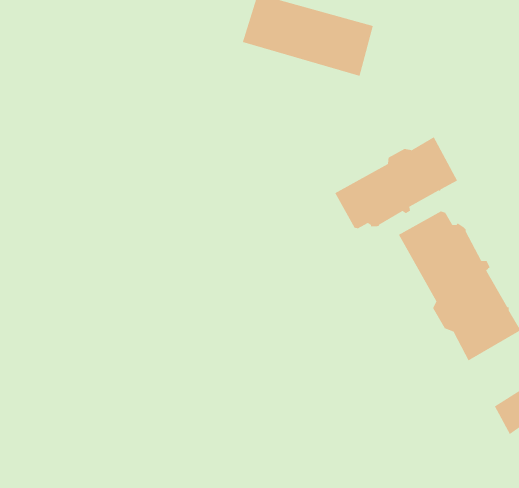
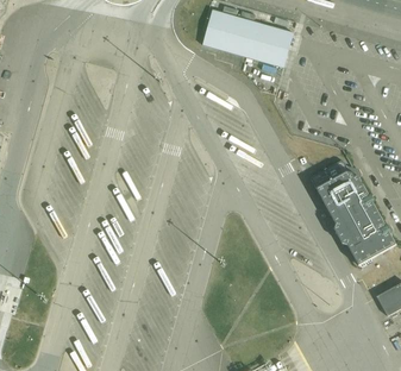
building: [334,136,458,229] -> none

